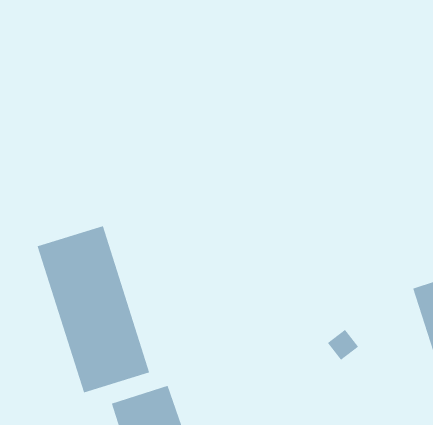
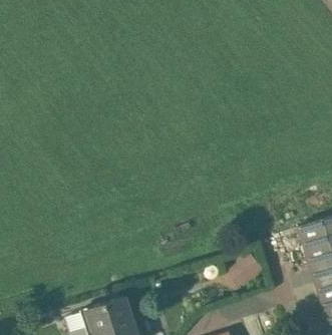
building: [37,225,150,394] -> none

